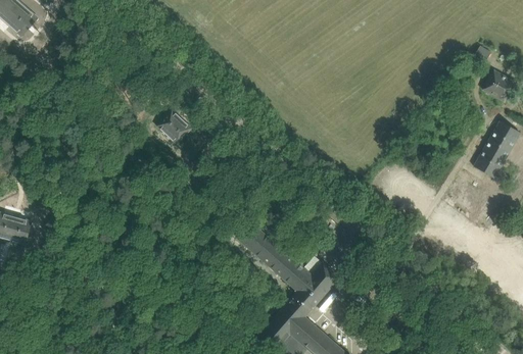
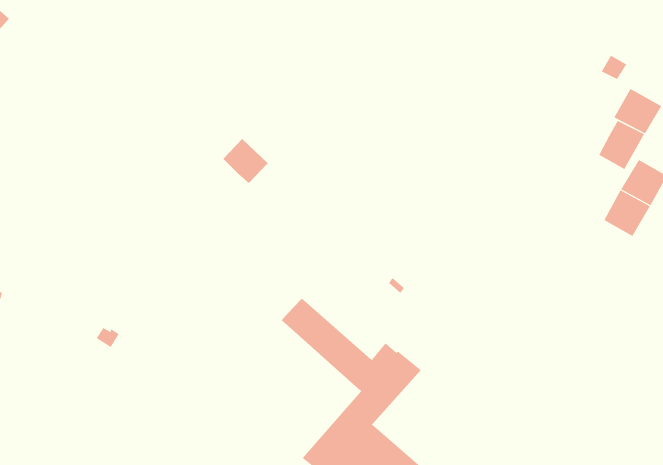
building: none -> [598,120,645,170]
building: [157,109,191,143] -> [223,138,268,184]

